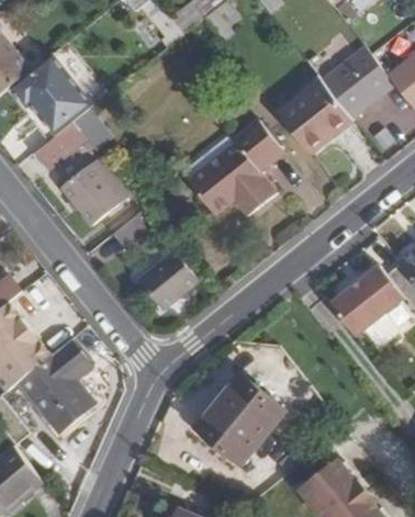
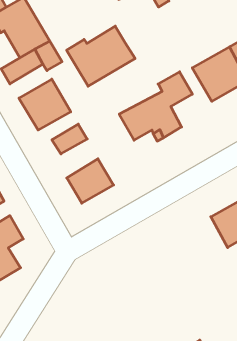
building: none -> [67,26,135,86]
building: [195,375,282,465] -> none

